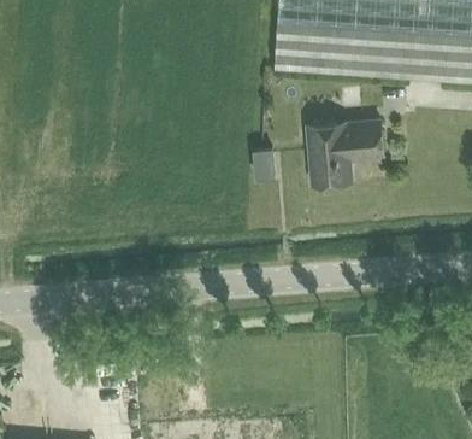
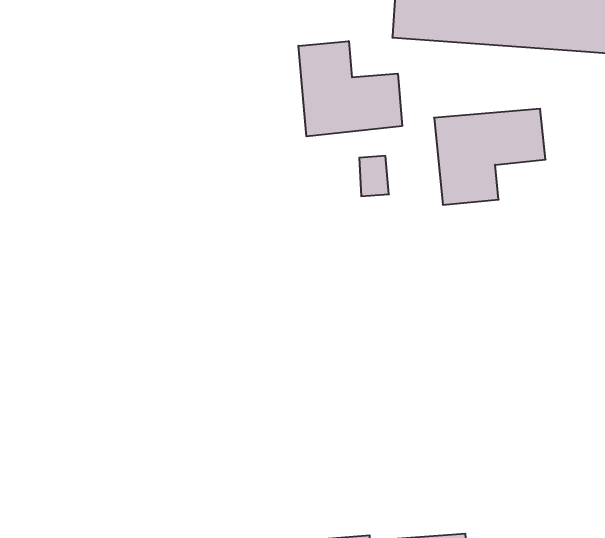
building: none -> [298,41,402,136]

